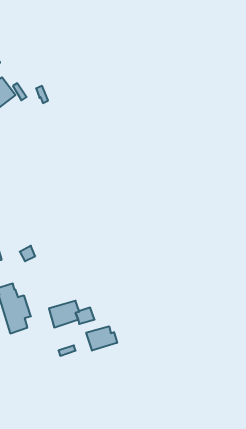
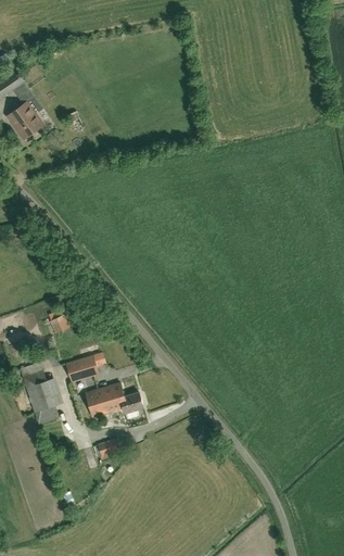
building: none -> [65,354,105,382]
building: [86,326,117,351] -> none

